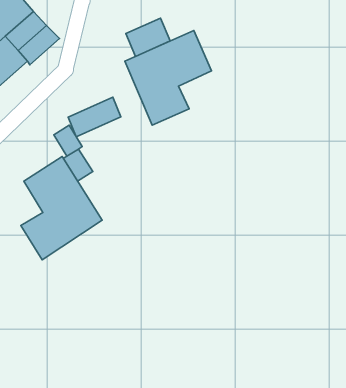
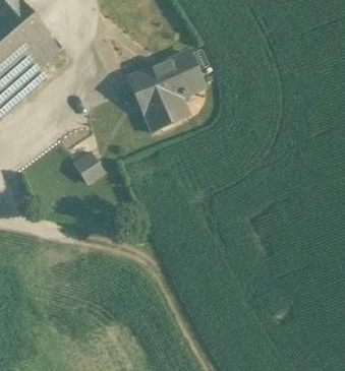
building: [126,18,170,56] -> none
building: [68,97,121,137] -> none
building: [21,157,102,260] -> none

